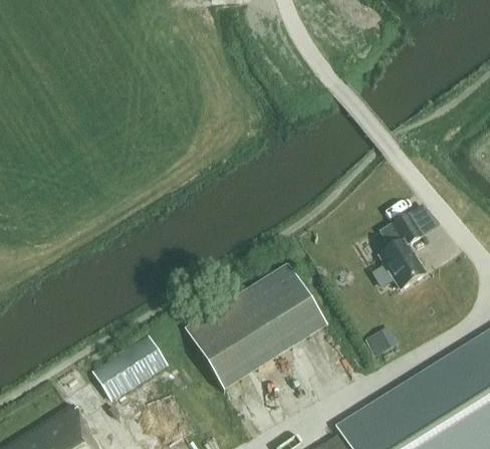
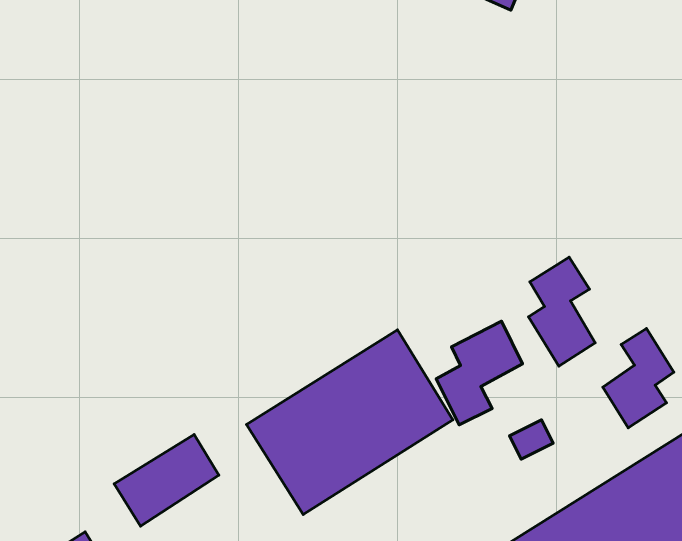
building: none -> [436,321,523,425]
building: none -> [603,329,674,428]

